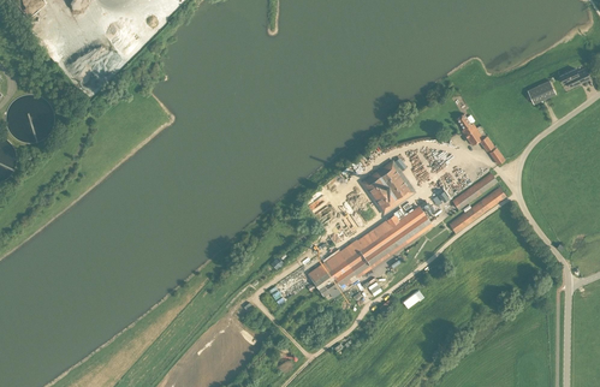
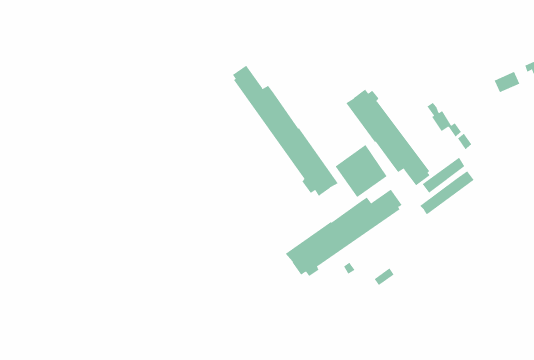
building: none -> [232,65,339,197]
building: none -> [345,89,430,186]

